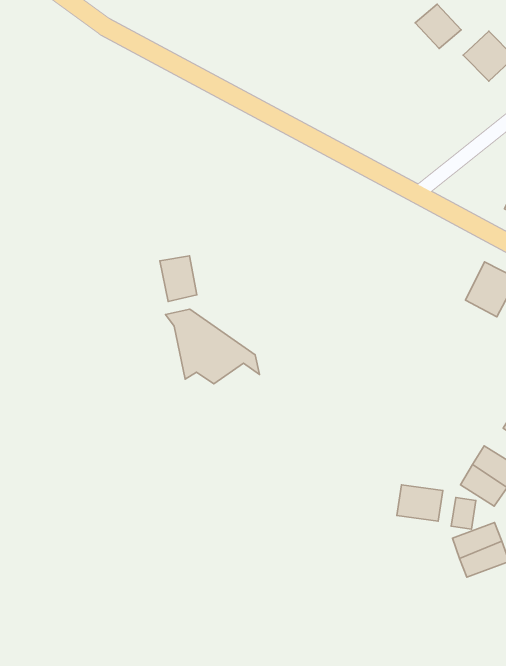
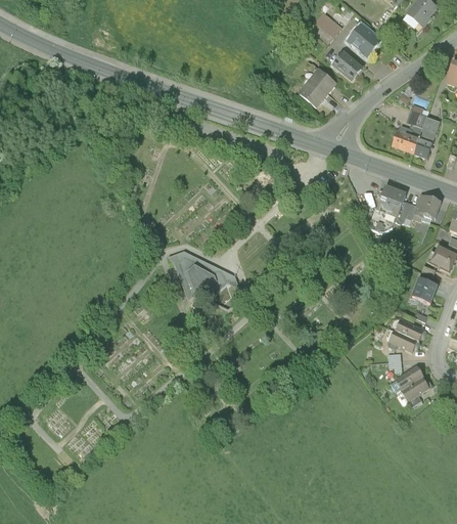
building: none -> [330,51,363,82]
building: none -> [295,66,336,107]
building: [160,256,197,302] -> none
building: [397,485,443,521] -> none

